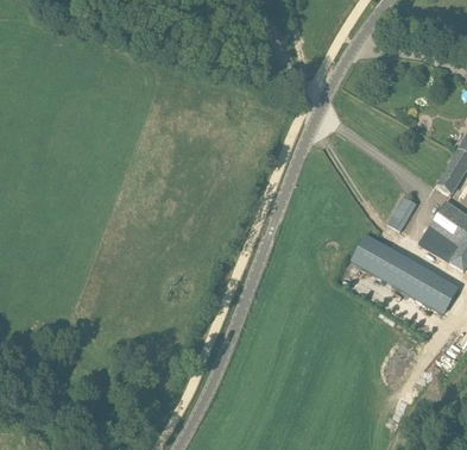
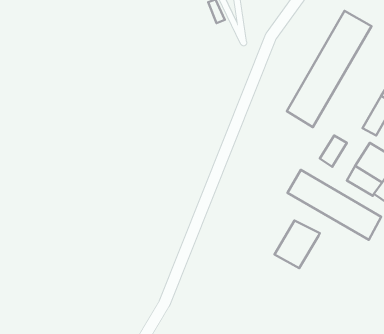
building: none -> [287,11,371,127]
building: none -> [275,220,320,268]

